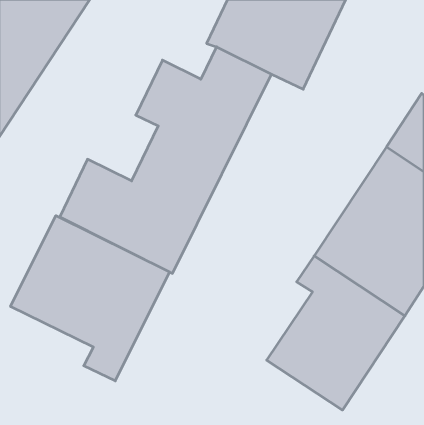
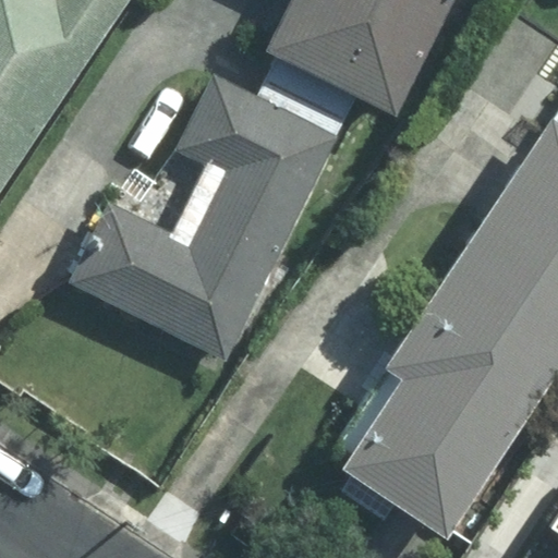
building: [11,216,170,381] -> none

